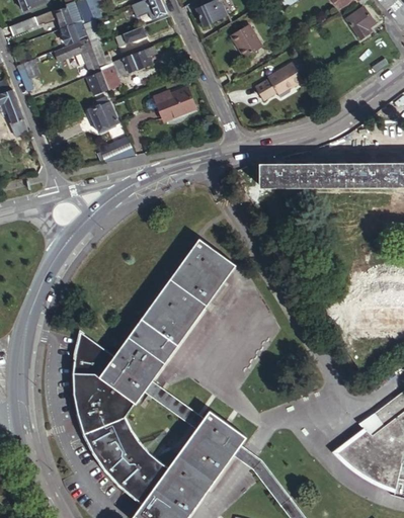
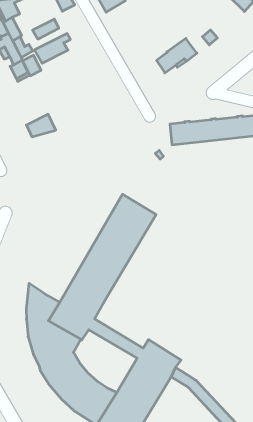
building: [226,26,257,59] -> none
building: [147,90,189,123] -> none
building: [85,98,116,134] -> none

